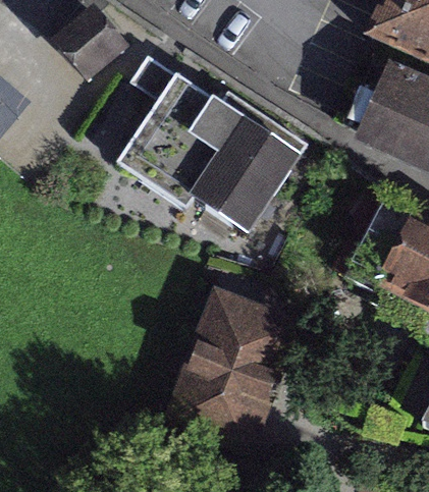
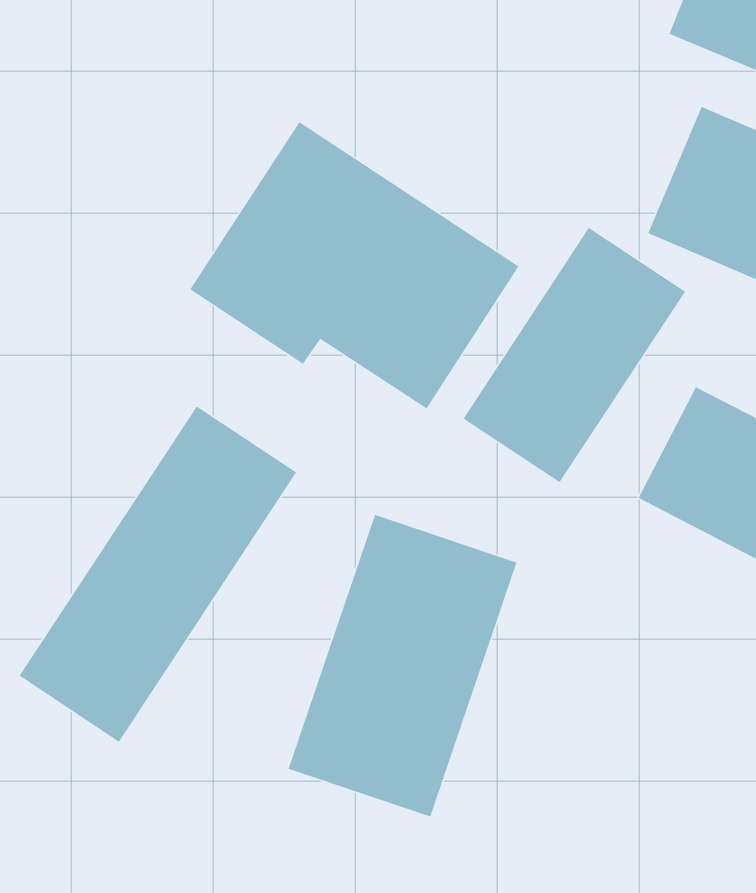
building: none -> [462,227,686,483]
building: none -> [18,405,297,743]

